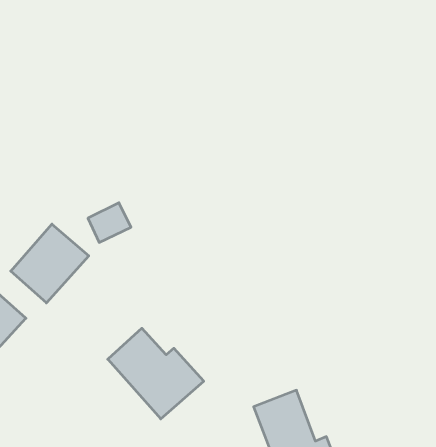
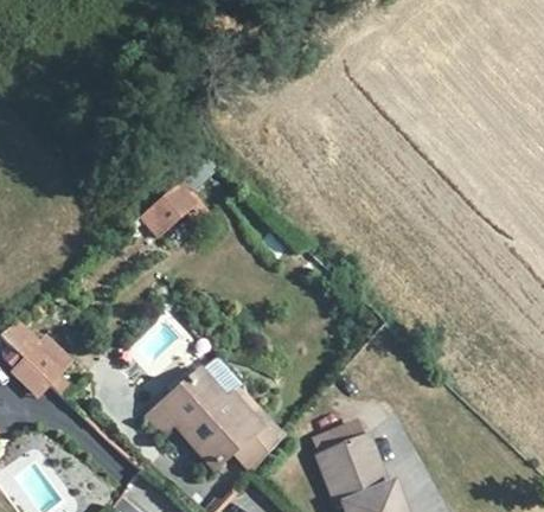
building: [88,203,131,242] -> [153,183,199,225]
building: [11,224,89,303] -> none

